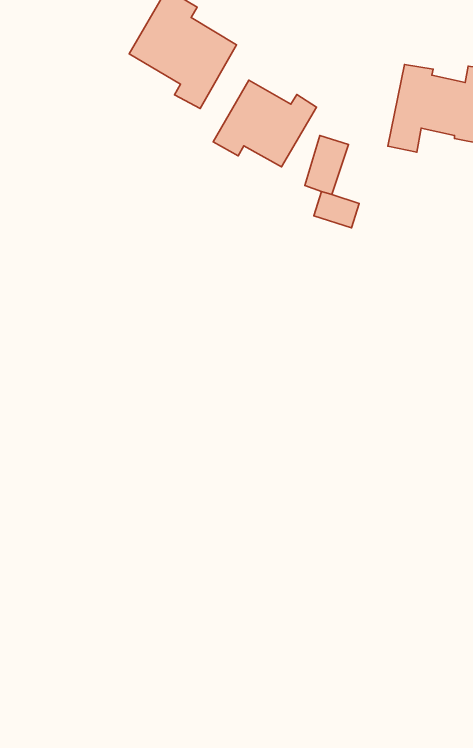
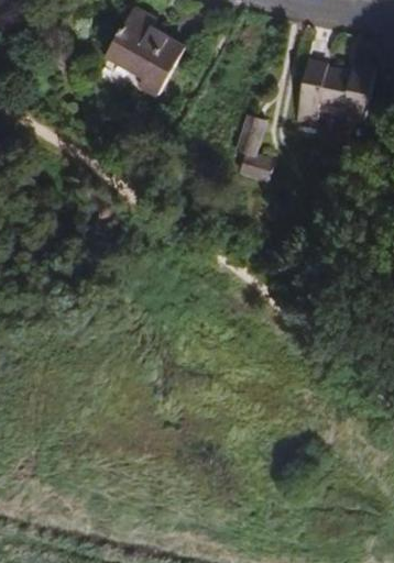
building: [213,80,317,167] -> none

